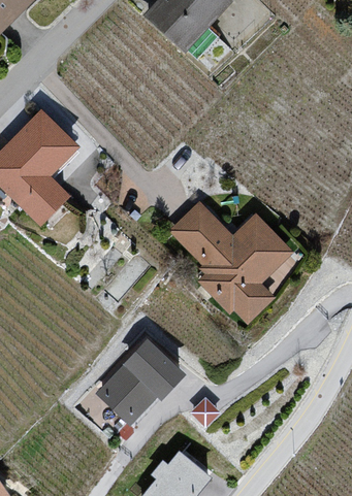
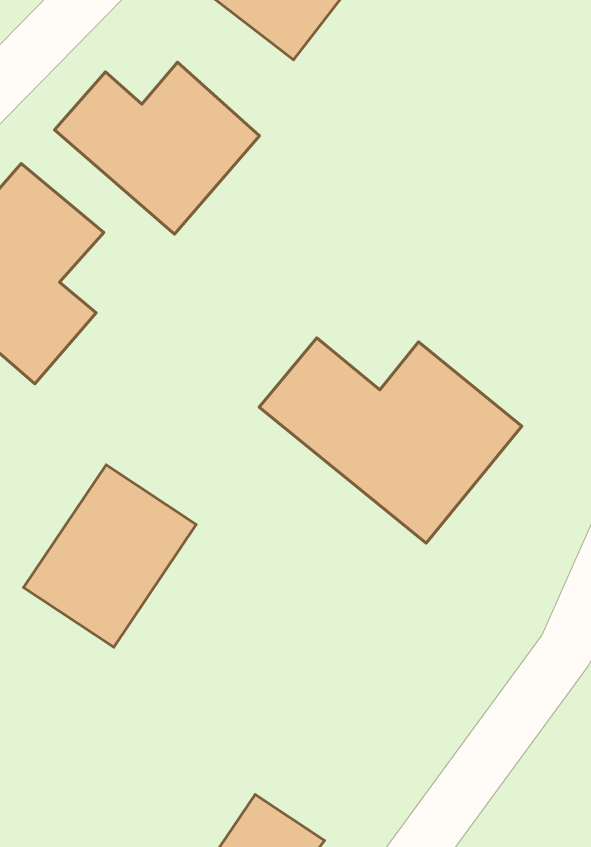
building: none -> [54,62,259,234]
building: [92,329,185,427] -> [24,465,196,647]

